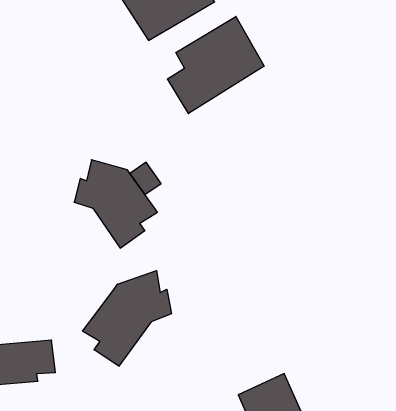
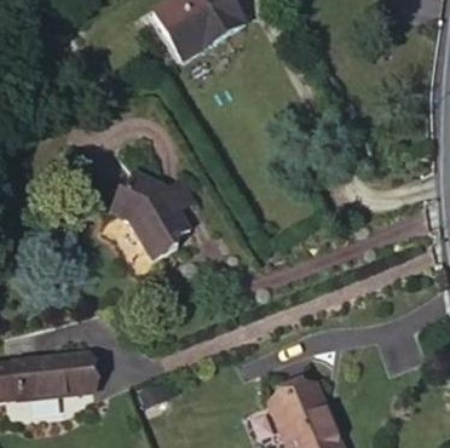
building: [167,16,264,114] -> none
building: [83,271,171,366] -> none

